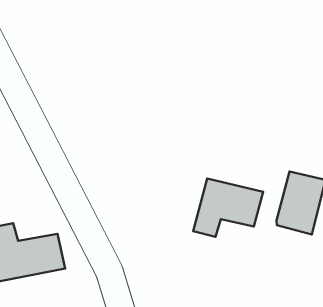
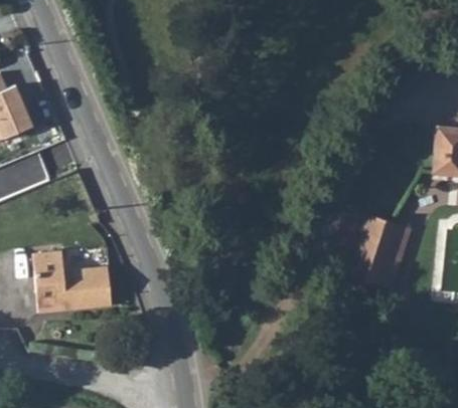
building: [193,179,263,237] -> none

